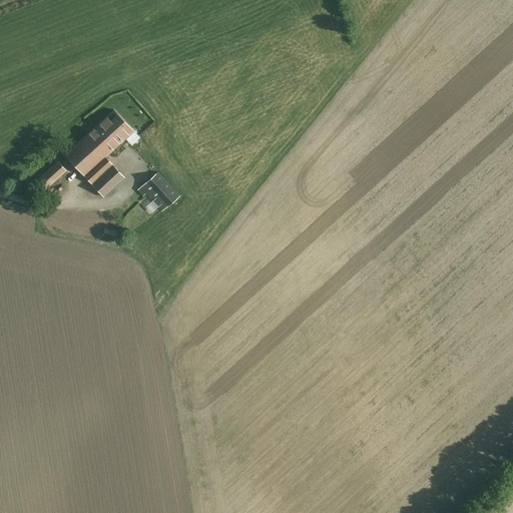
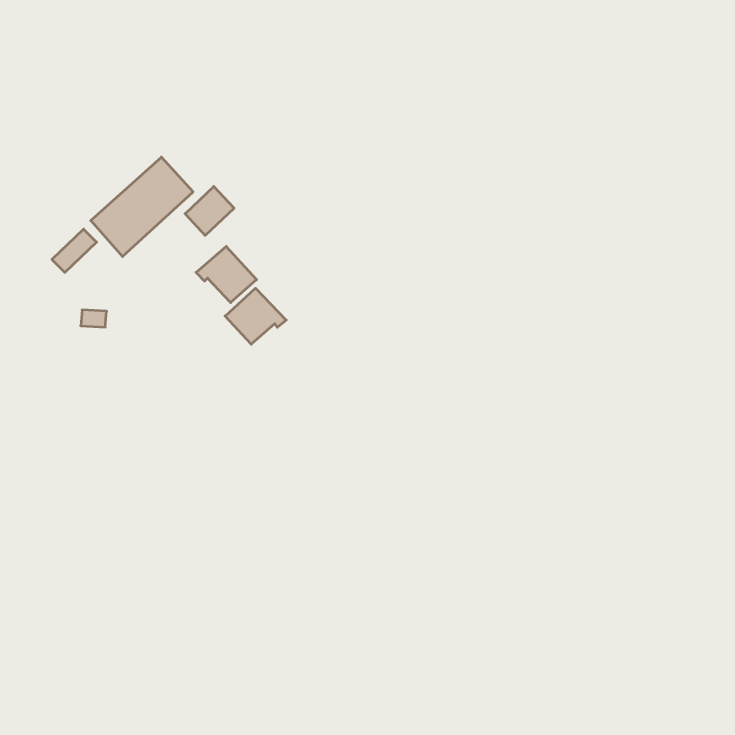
building: [90,164,124,198] -> [185,186,234,235]
building: none -> [225,288,286,344]

